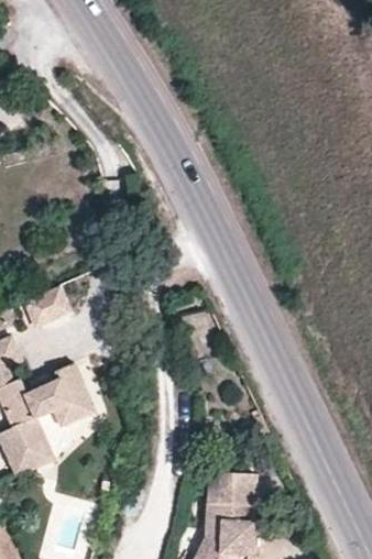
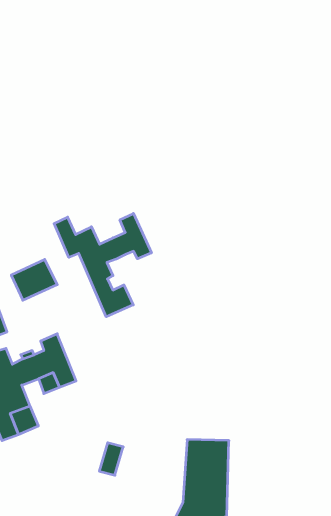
building: none -> [54,213,151,317]

